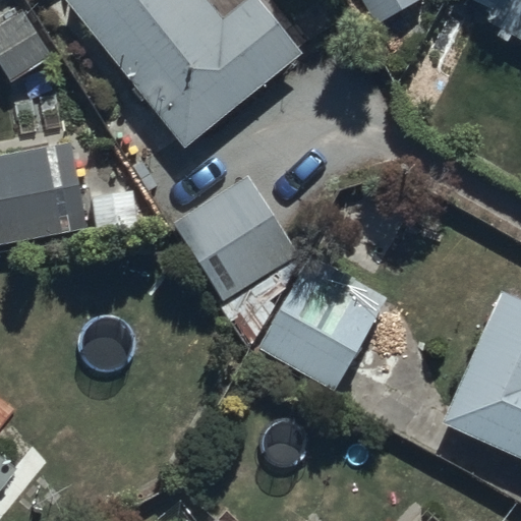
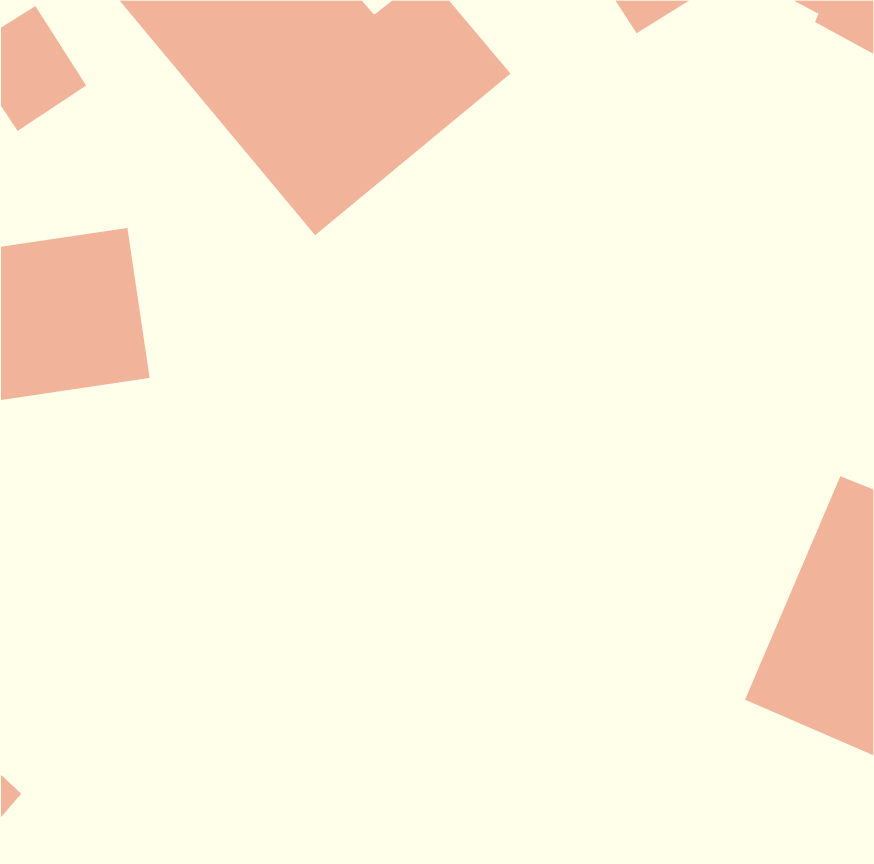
building: [169,172,298,301] -> none
building: [253,252,386,393] -> none

